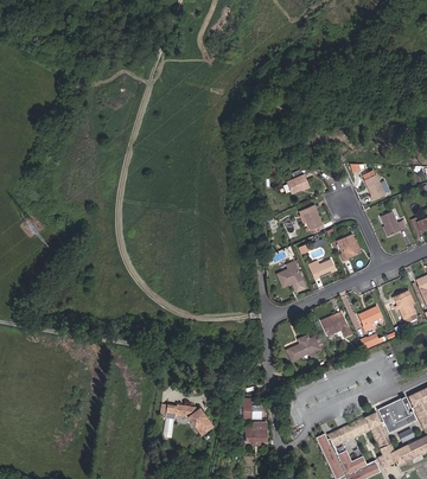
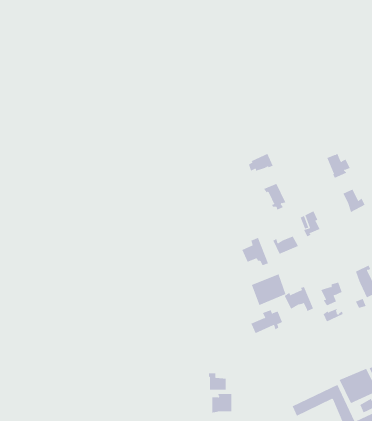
building: none -> [251,274,286,306]
building: [165,404,214,435] -> none

